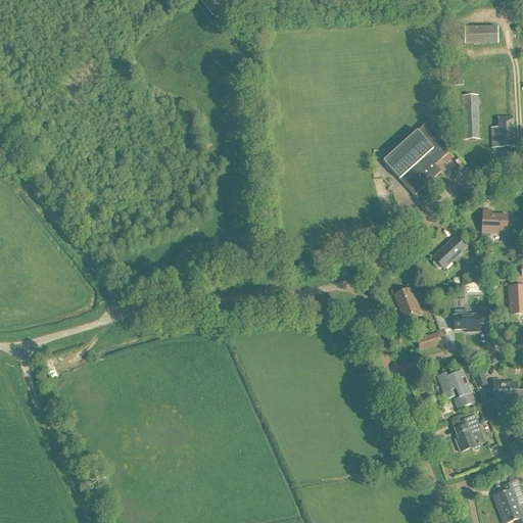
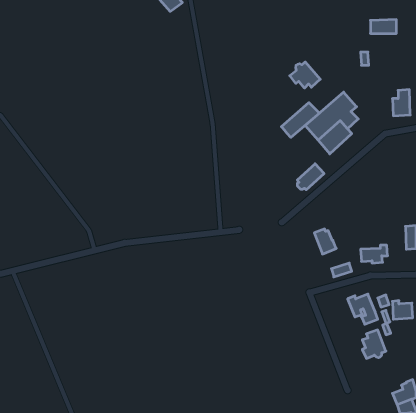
building: none -> [290,62,320,88]
building: [463,93,480,137] -> none
building: none -> [281,103,319,137]
building: [482,207,508,231] -> none
building: [433,234,467,267] -> [297,164,324,190]

